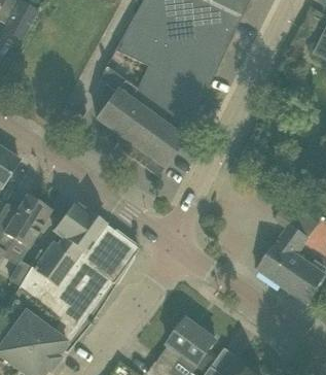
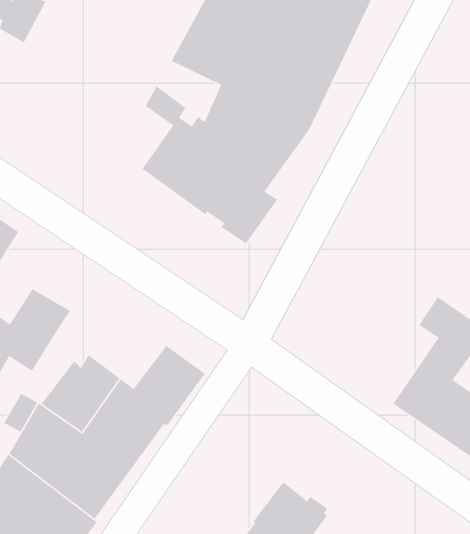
building: [52,202,110,259] -> none

